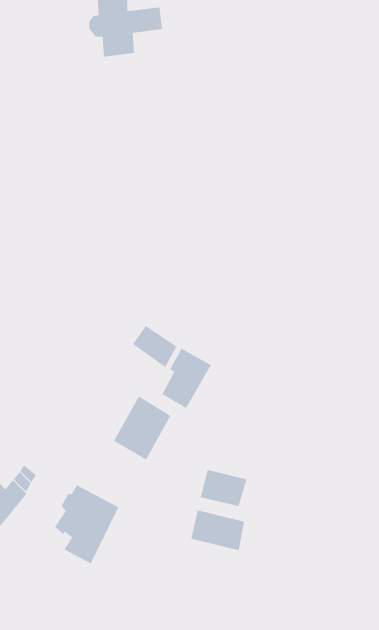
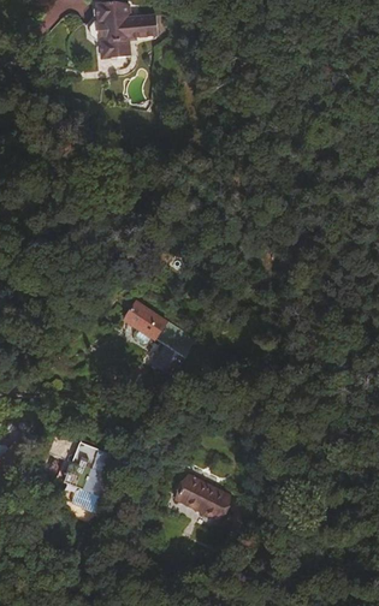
building: [113,395,171,460] -> none
building: [200,469,247,507] -> none

